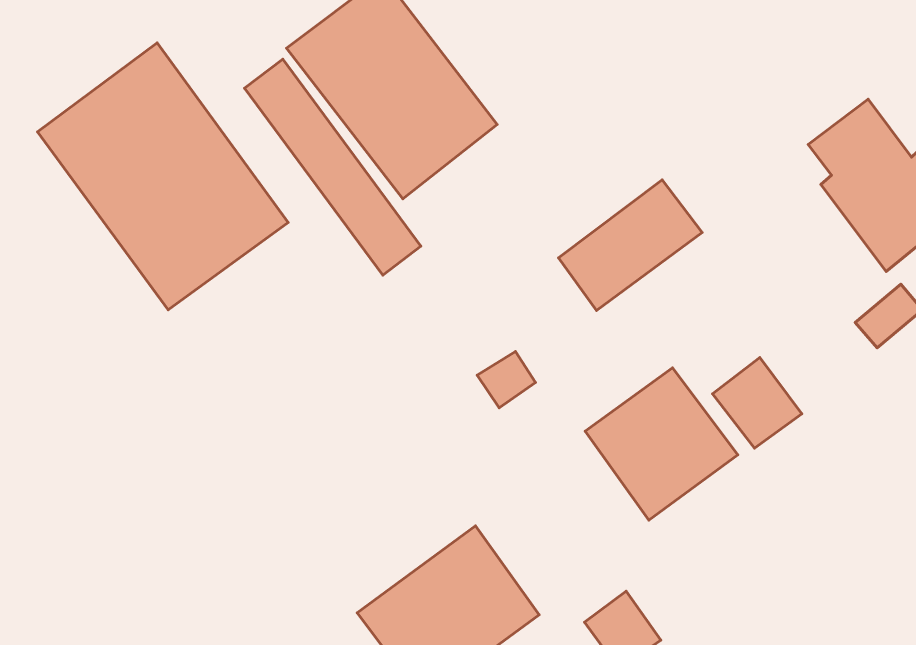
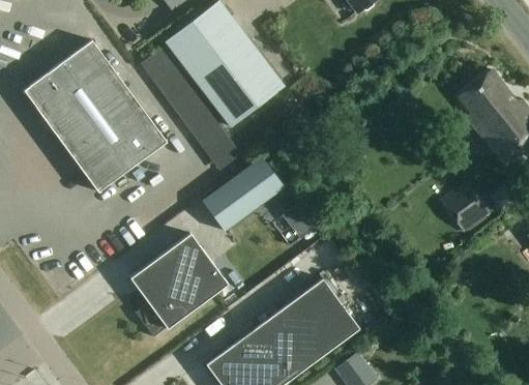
building: [558,180,702,311] -> [203,156,285,231]
building: [713,357,802,448] -> [441,180,492,232]
building: [585,368,738,520] -> [273,278,360,365]
building: none -> [130,233,228,336]

